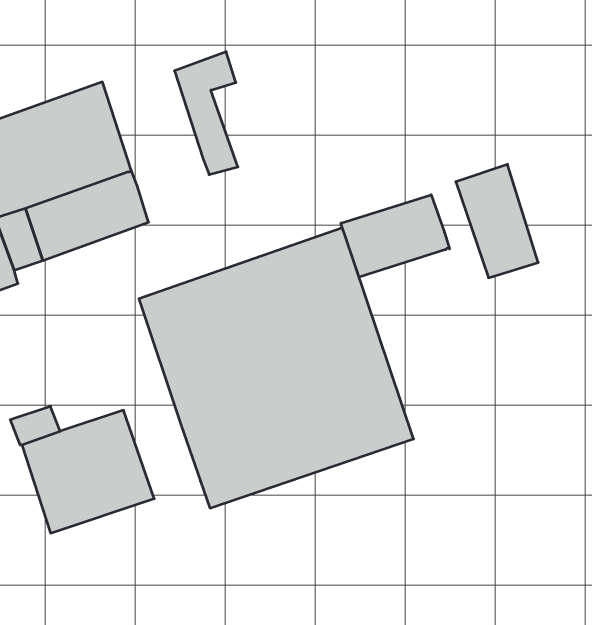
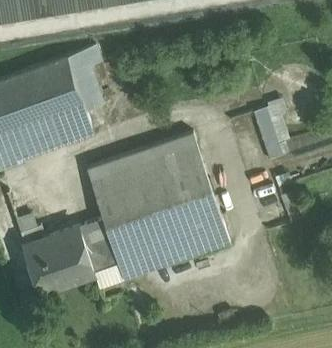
building: [174,52,238,175] -> [68,48,101,112]
building: [341,195,449,277] -> none
building: none -> [79,221,119,275]

